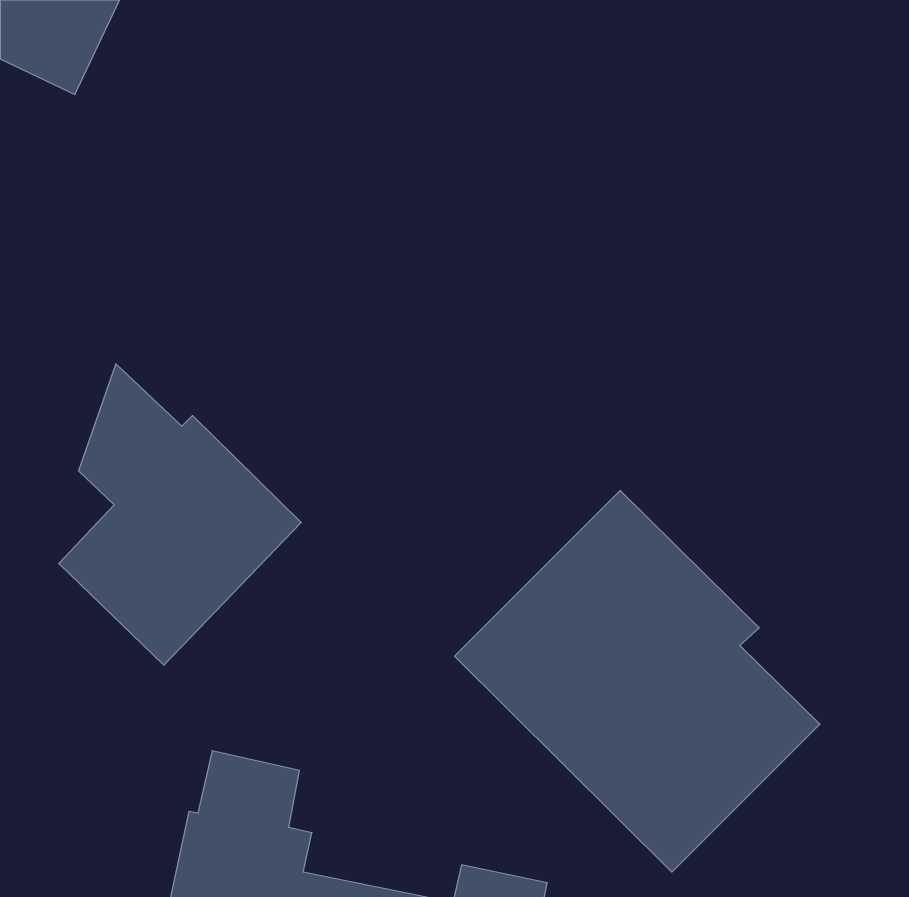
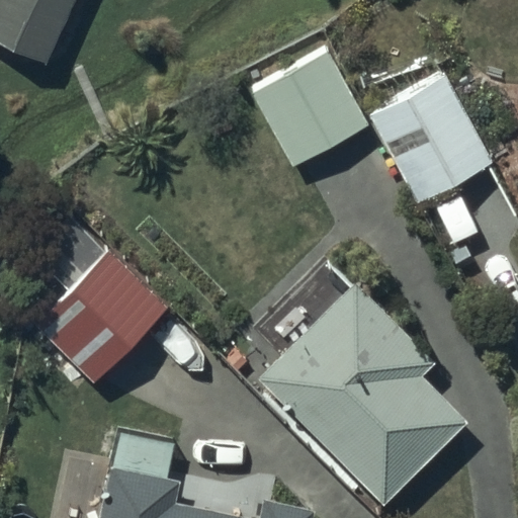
building: none -> [251,52,369,169]
building: none -> [371,74,491,204]

